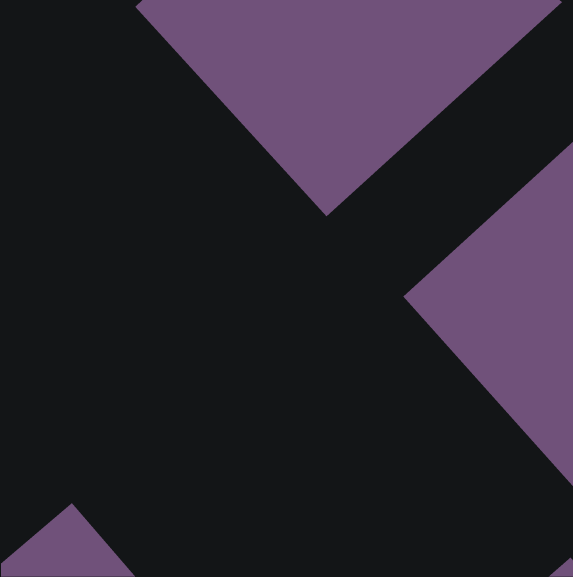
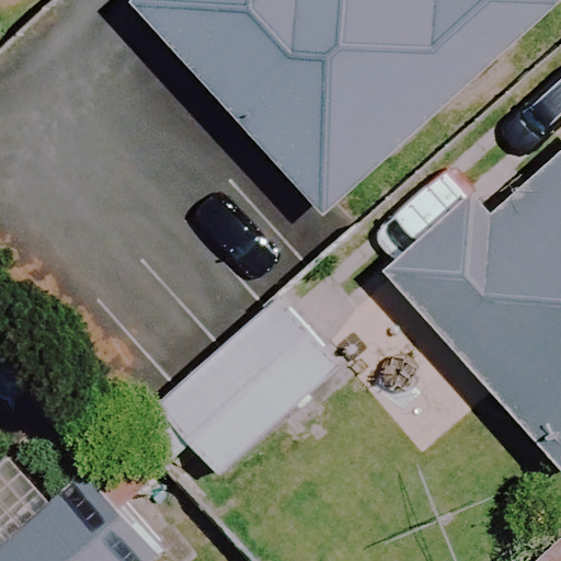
building: none -> [153,299,337,478]

